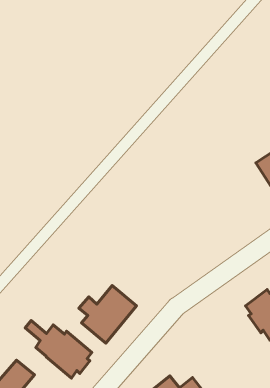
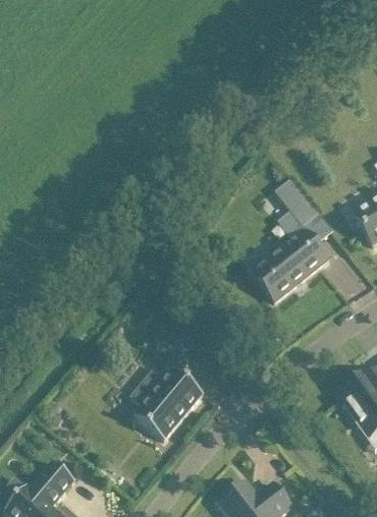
building: none -> [275,182,317,226]
building: none -> [250,229,327,302]
building: [25,321,92,378] -> none

